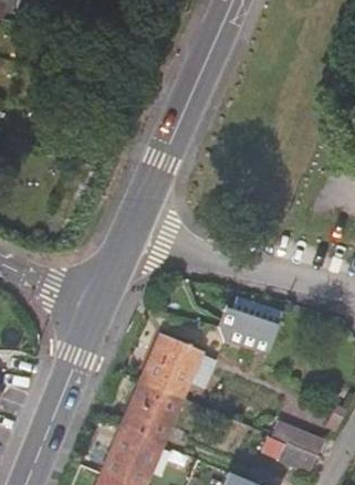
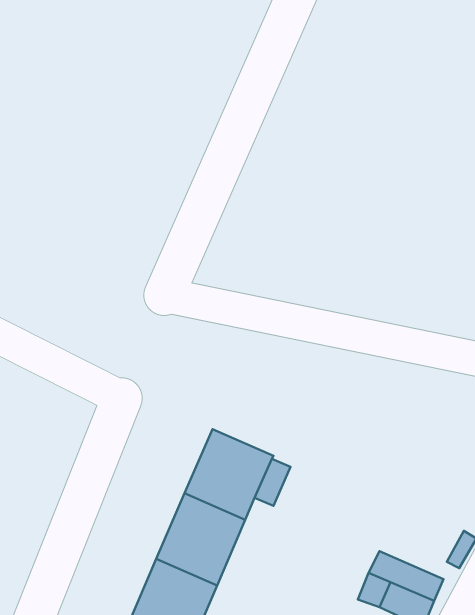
building: [217,295,282,356] -> none

